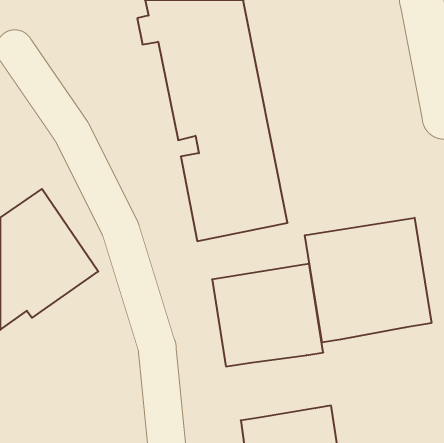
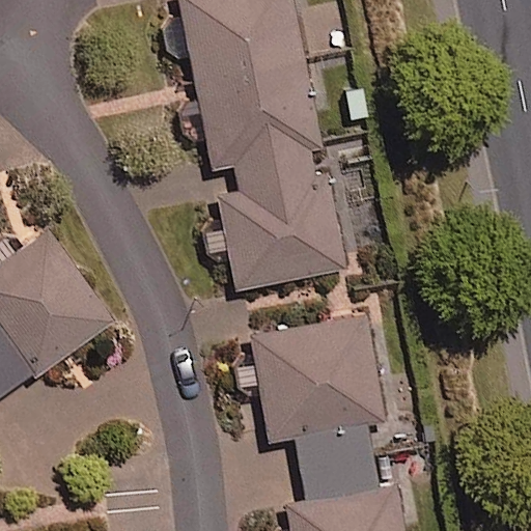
building: [305,218,431,343] -> none
building: none -> [298,425,376,500]

